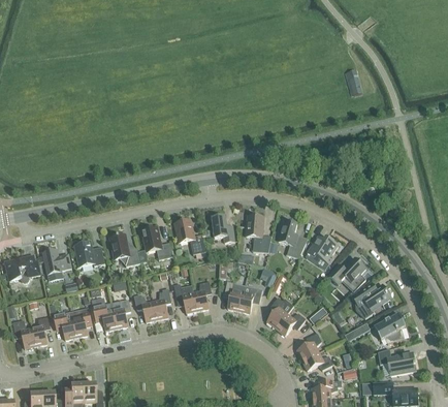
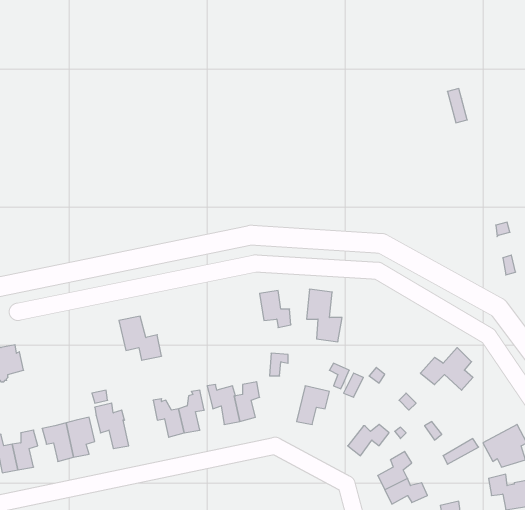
building: [174,219,204,253] -> none
building: [277,219,307,257] -> none
building: [140,226,171,259] -> none
building: [305,236,337,269] -> none
building: [71,241,104,267] -> none
building: [42,248,70,274] -> none
building: [223,281,244,310] -> none
building: [352,282,391,317] -> none
building: [266,296,293,327] -> none
building: [110,299,130,327] -> none

